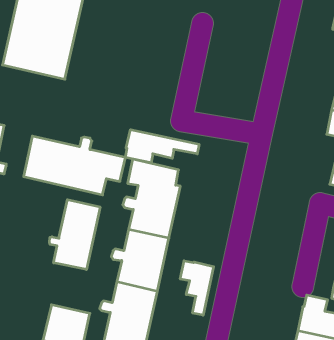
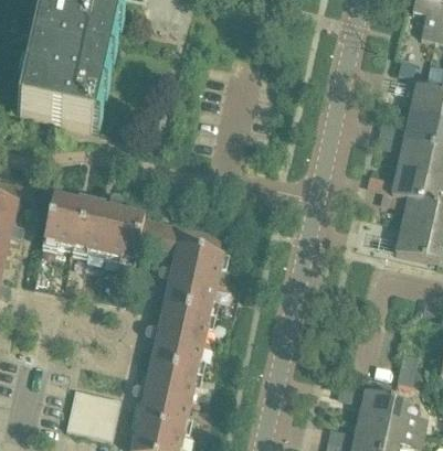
building: [126,130,199,163] -> none
building: [49,200,100,270] -> none
building: [180,261,214,315] -> none

